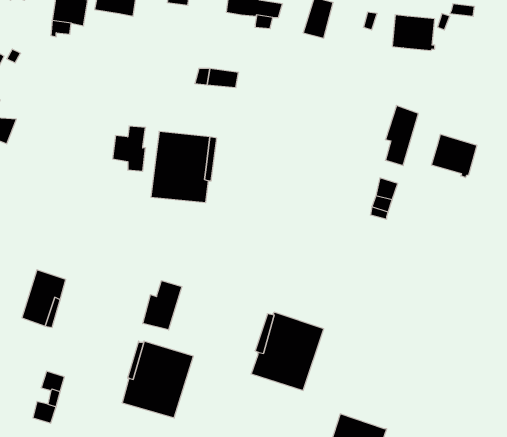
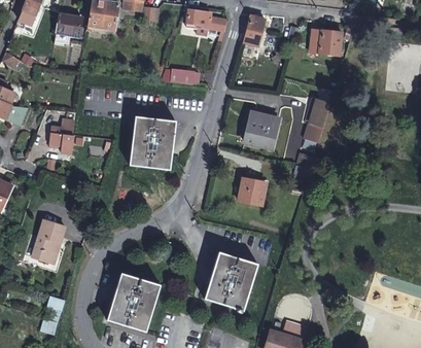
building: none -> [244,111,279,148]
building: [113,126,146,171] -> [49,119,74,153]
building: [432,134,477,178] -> none
building: none -> [238,178,266,205]
building: [143,281,182,330] -> none

